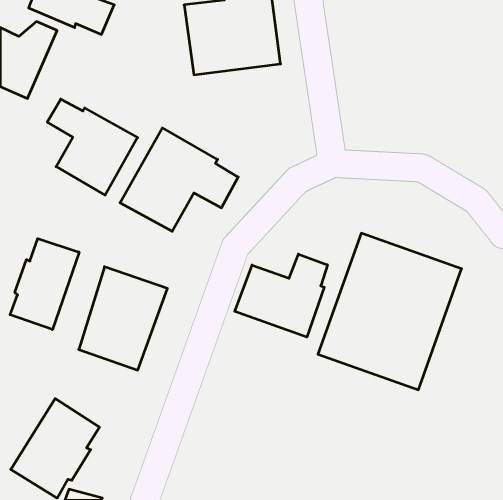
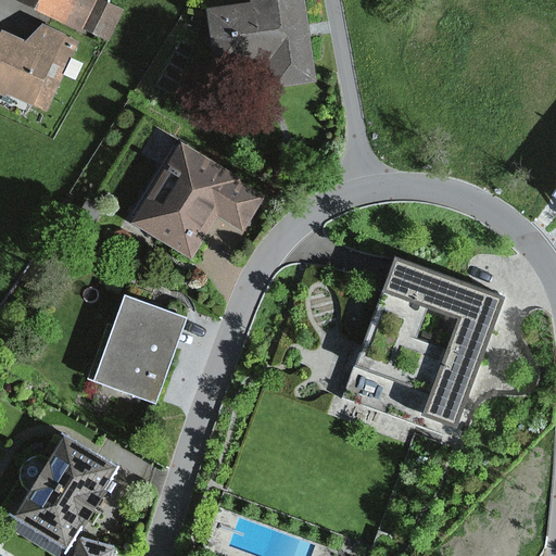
building: [47,99,138,195] -> none
building: [10,239,79,330] -> none
building: [235,254,327,337] -> none

